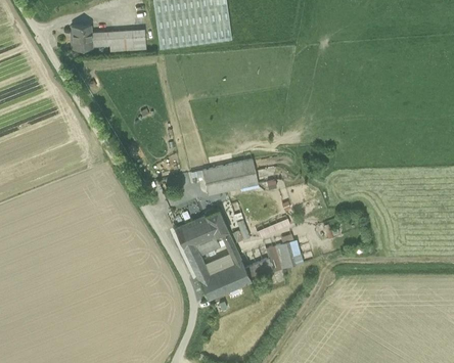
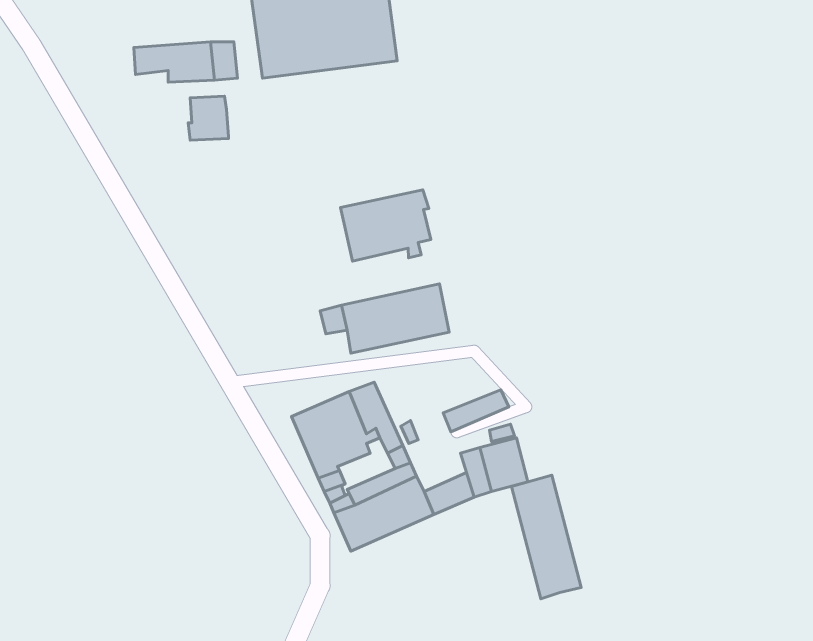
building: [71,26,92,49] -> [188,96,228,140]
building: none -> [340,190,431,261]
building: none -> [511,475,581,599]

